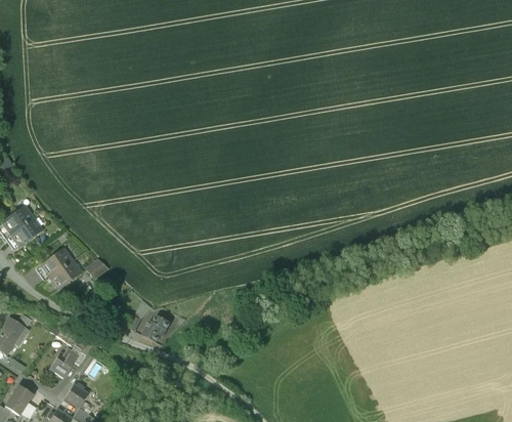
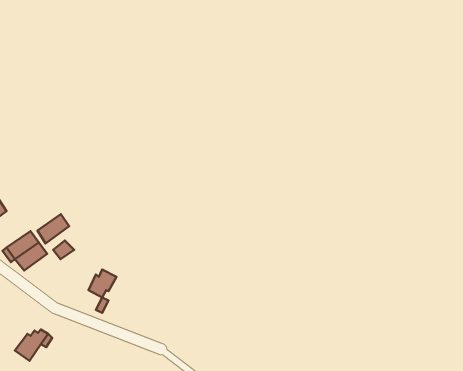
building: none -> [37,214,69,243]
building: [143,314,171,342] -> [89,269,117,297]

